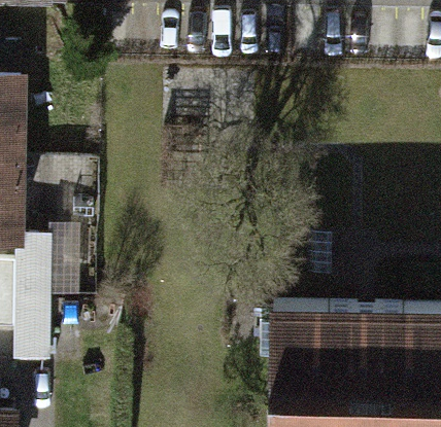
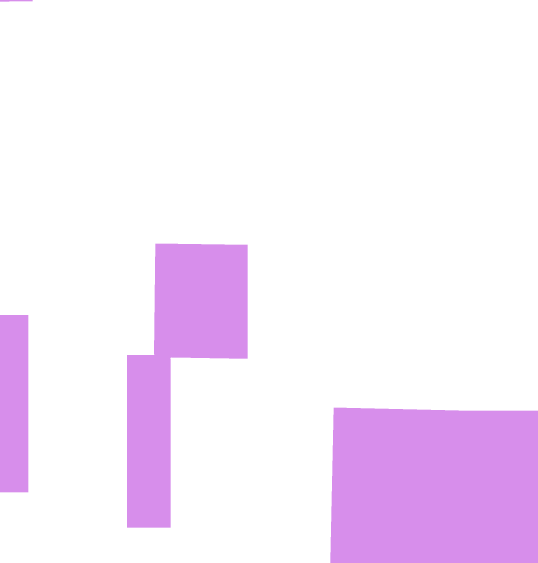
building: none -> [127,243,248,529]

